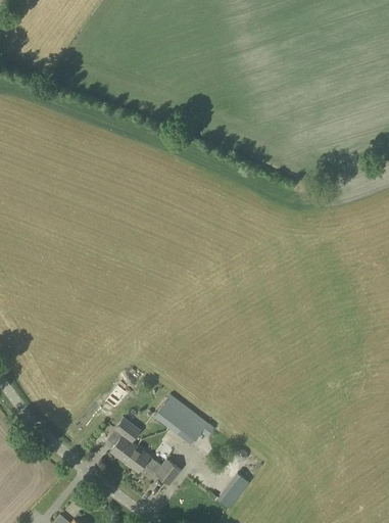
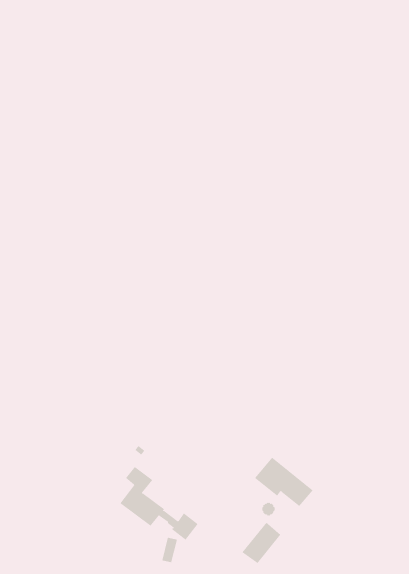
building: [155,392,207,436] -> [254,457,314,507]

